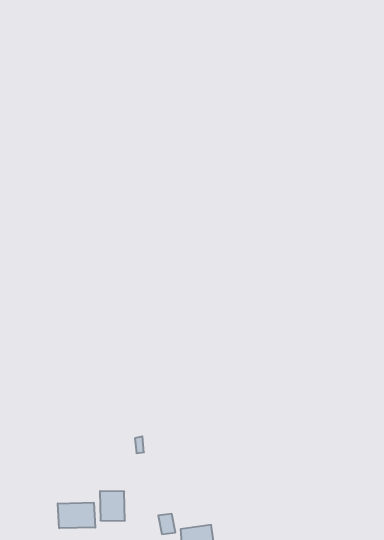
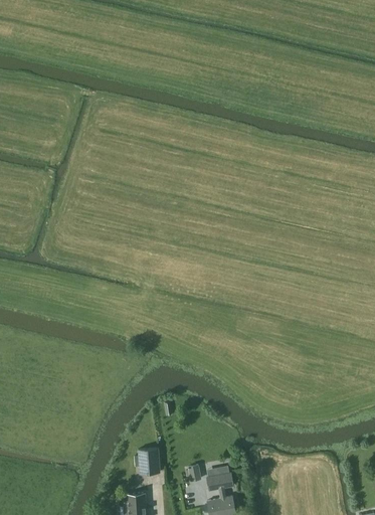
building: [58,503,95,528] -> none

